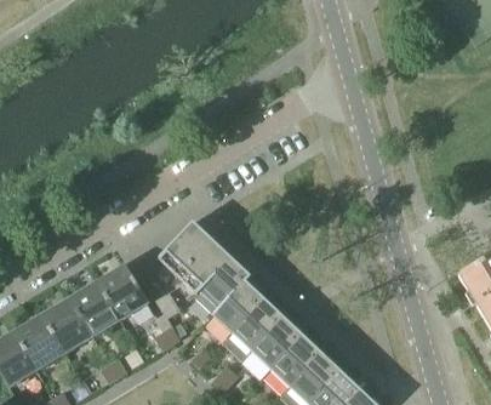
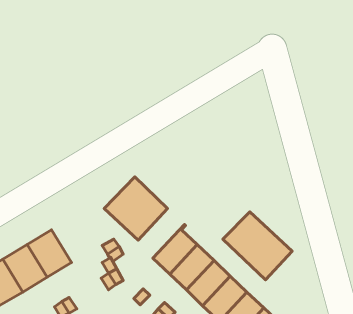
building: [196,256,250,313] -> none
building: none -> [223,212,292,280]
building: [97,263,148,318] -> none

